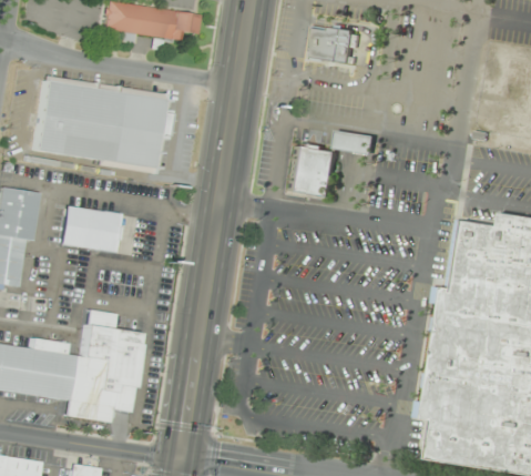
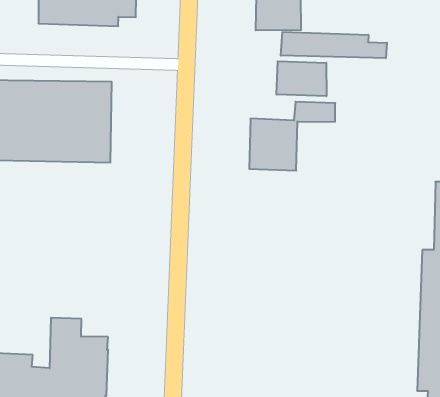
building: none -> [281,32,387,58]
building: none -> [277,61,326,96]
building: [58,205,118,253] -> none

